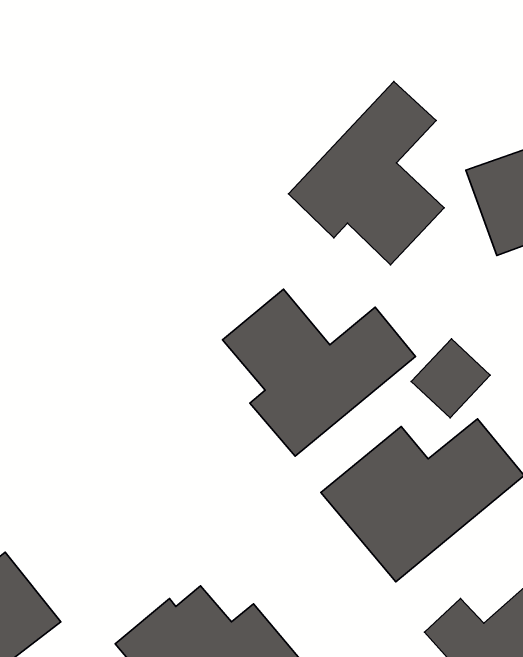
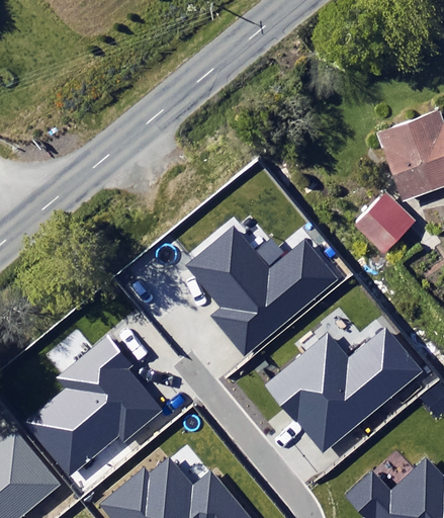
building: [288,81,444,265] -> none
building: [411,339,490,418] -> [354,192,416,254]
building: none -> [23,336,164,479]

